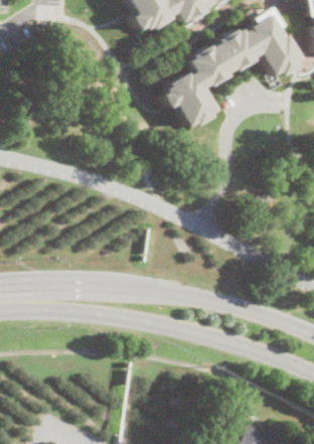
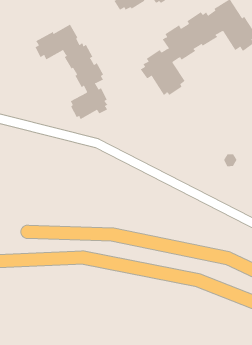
building: none -> [35,24,108,120]

